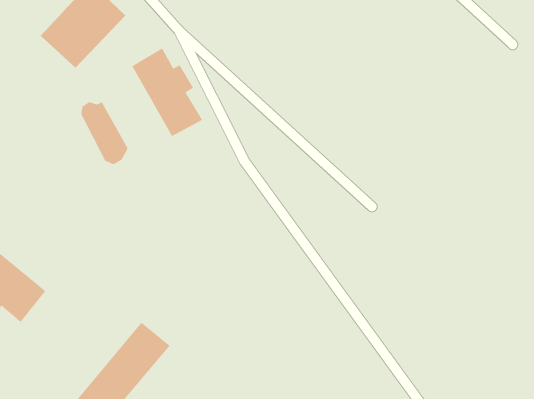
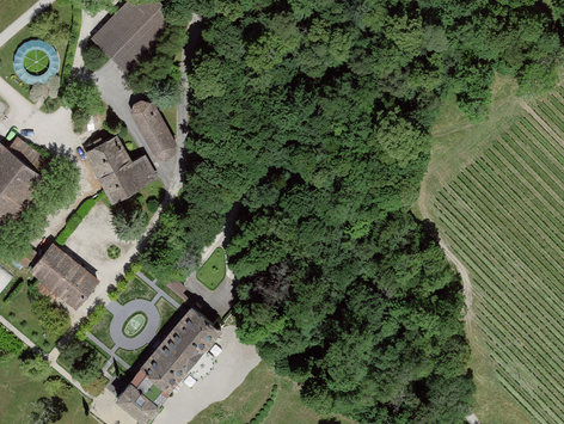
building: [131,48,203,137] -> none
building: none -> [84,136,158,203]

